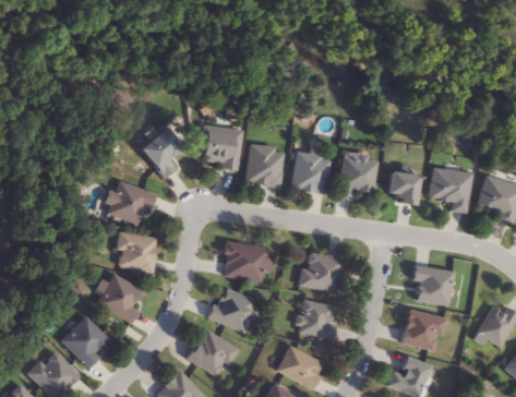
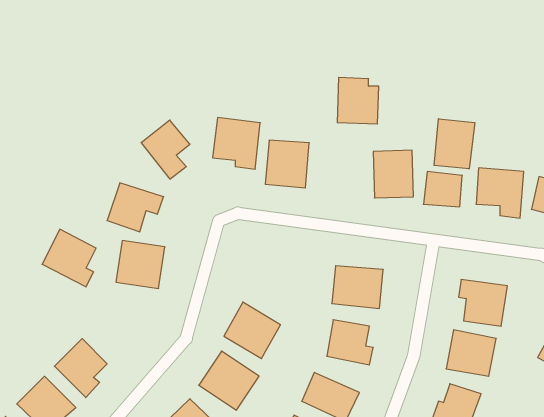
building: none -> [434,119,475,169]
building: [292,151,328,191] -> [337,77,379,124]
building: [220,241,273,282] -> none
building: [94,273,141,323] -> [42,229,96,287]

